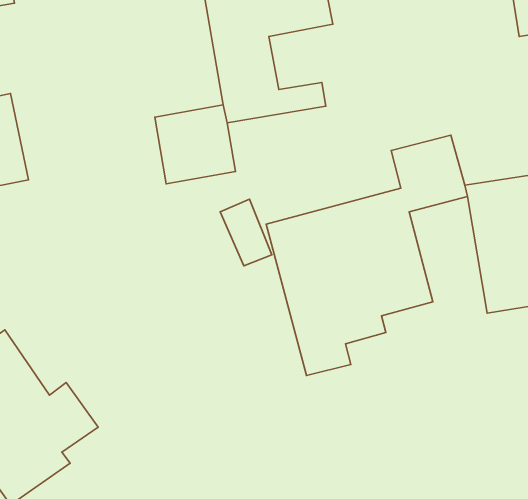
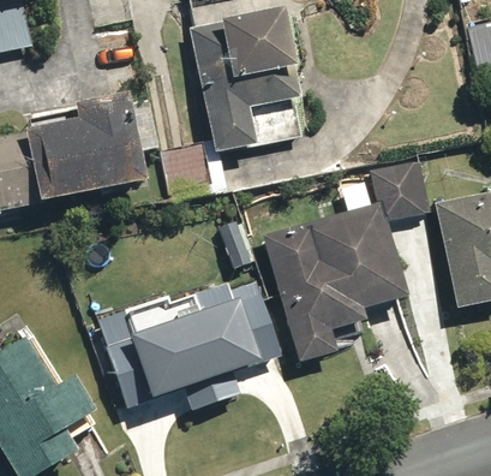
building: none -> [32,85,160,198]
building: none -> [115,280,271,407]

